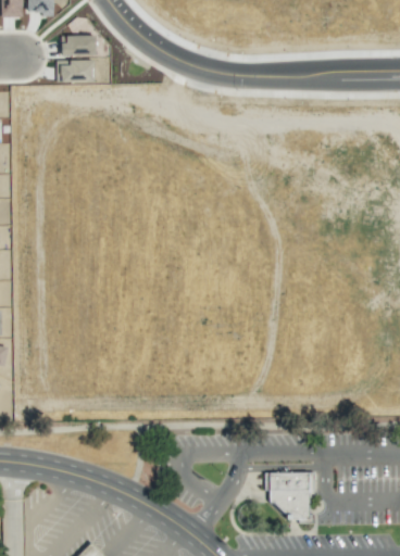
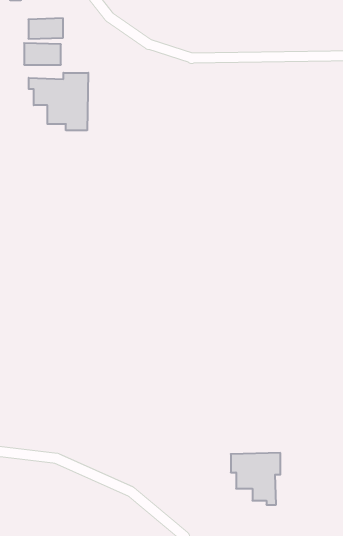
building: none -> [29,73,88,130]

